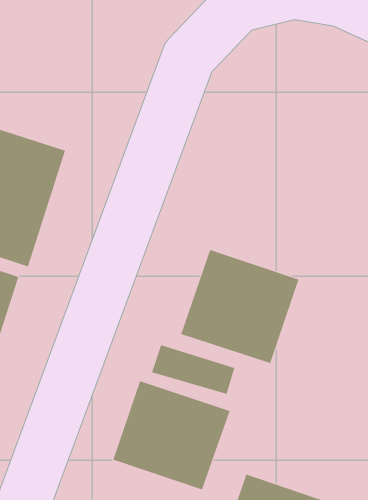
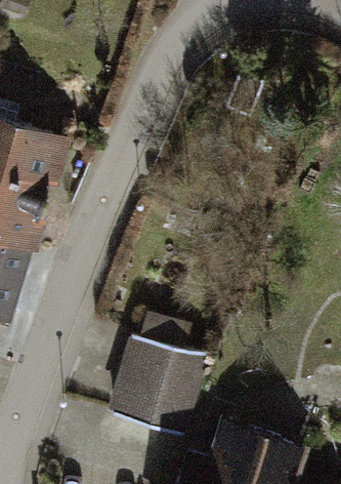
building: [181,249,299,364] -> none

